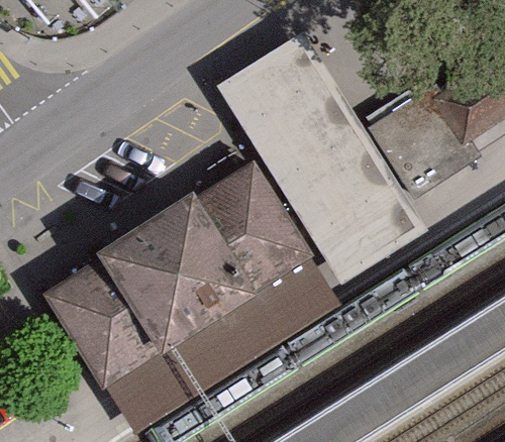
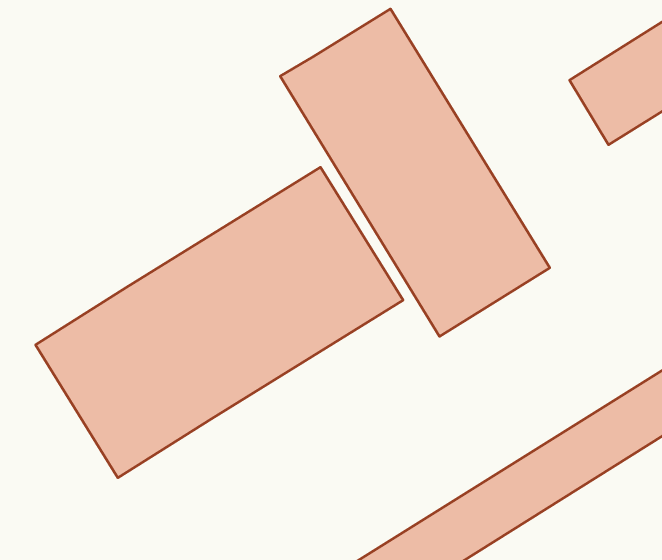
building: [368,89,466,191] -> none
building: [103,254,341,434] -> none

